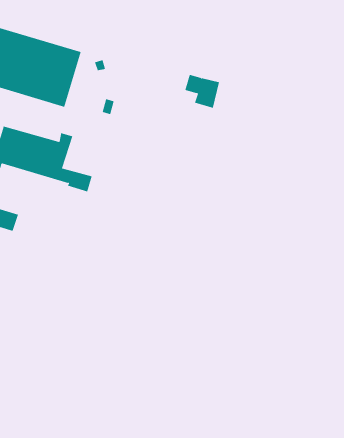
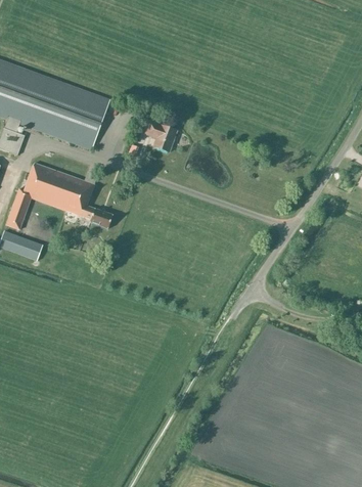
building: [185,74,220,108] -> [143,120,176,152]

